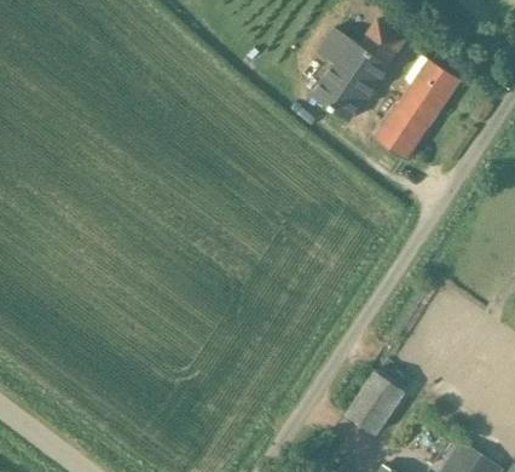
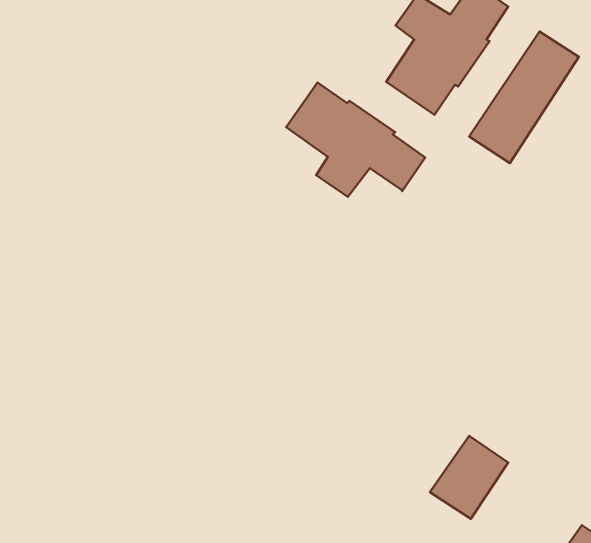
building: none -> [286,83,425,197]

